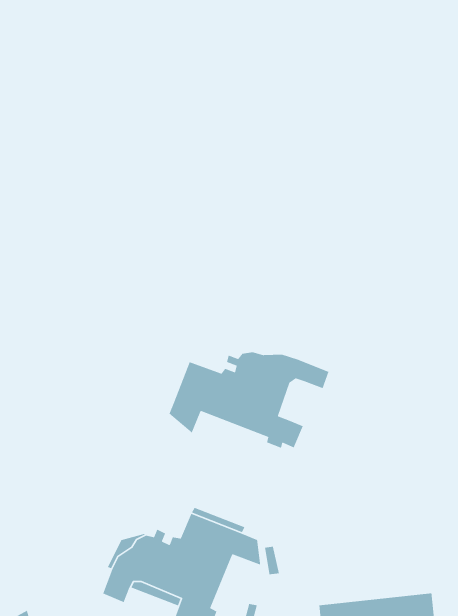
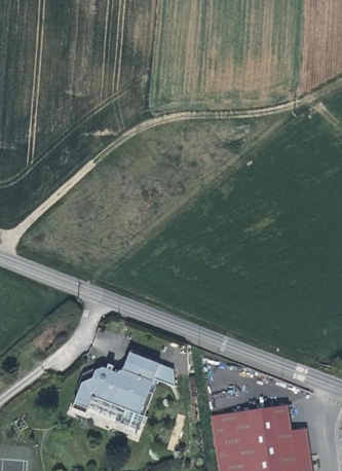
building: [169,352,329,449] -> none

